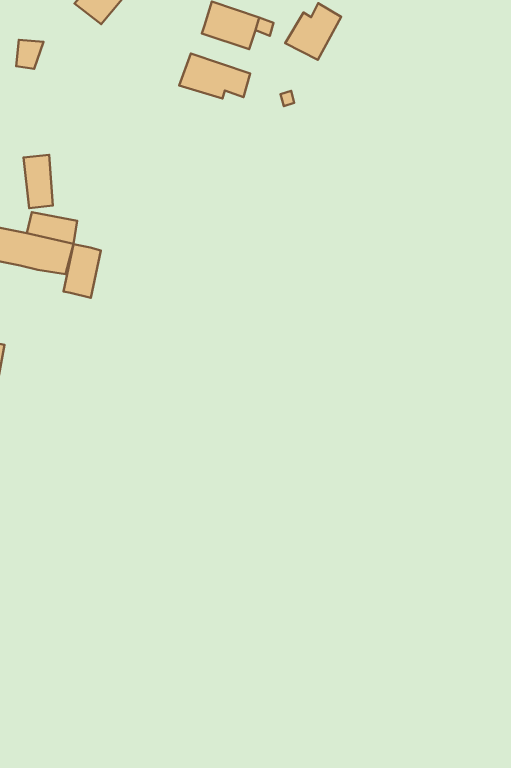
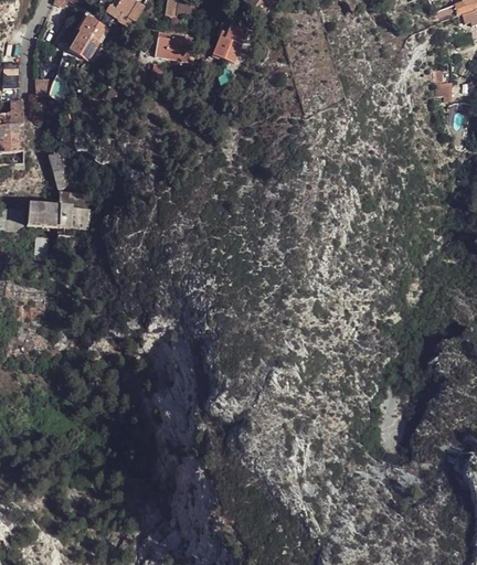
building: [179,54,250,99] -> none
building: [64,244,101,298] -> none

